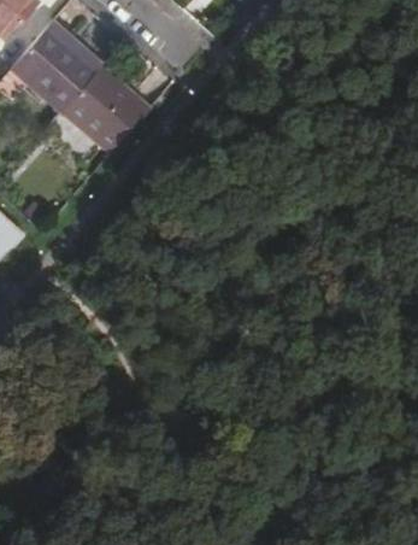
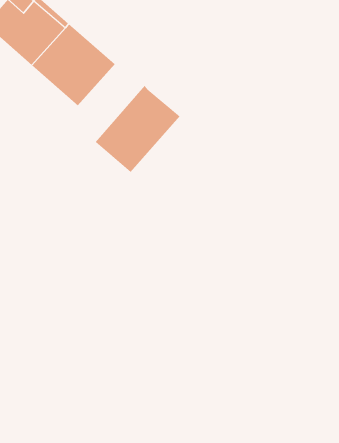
building: none -> [95,85,181,173]

